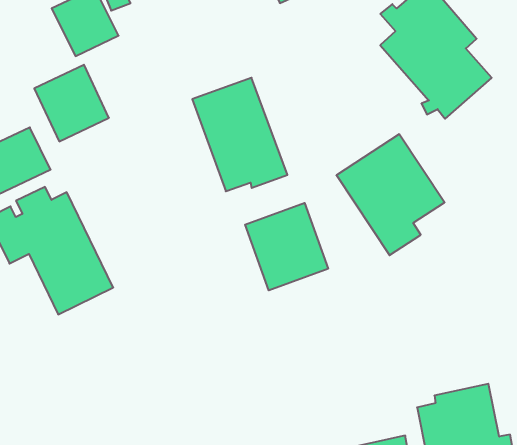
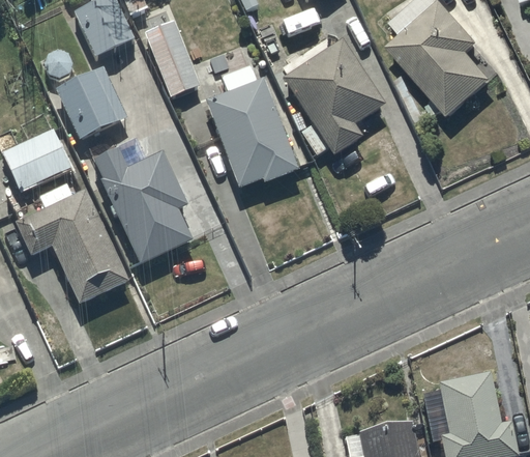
building: none -> [144,20,198,94]
building: [336,134,445,255] -> [282,38,385,154]
building: none -> [92,146,193,264]
building: [245,203,328,290] -> none

